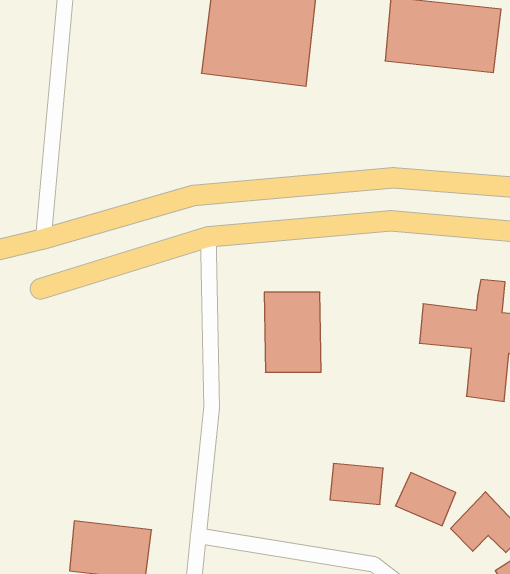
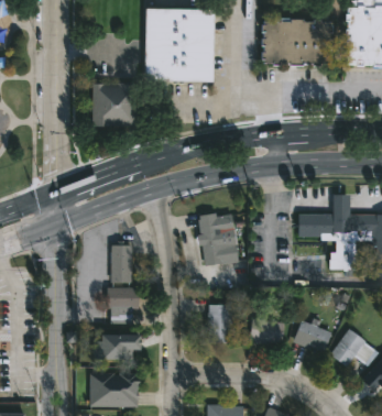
building: none -> [95,84,139,128]
building: none -> [111,243,133,283]
building: none -> [107,287,140,326]
building: none -> [208,304,230,342]
building: none -> [105,331,139,355]

